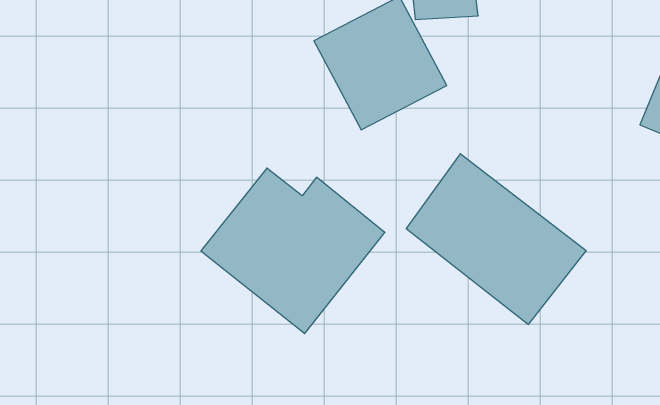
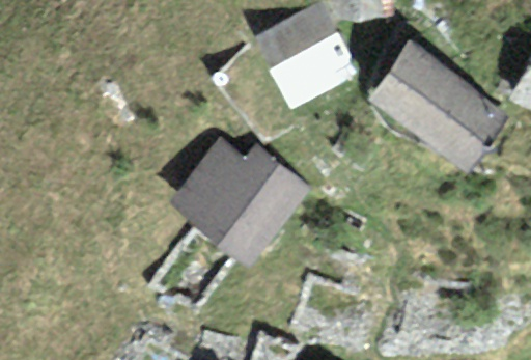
building: [406,154,586,324] -> [369,40,511,175]

